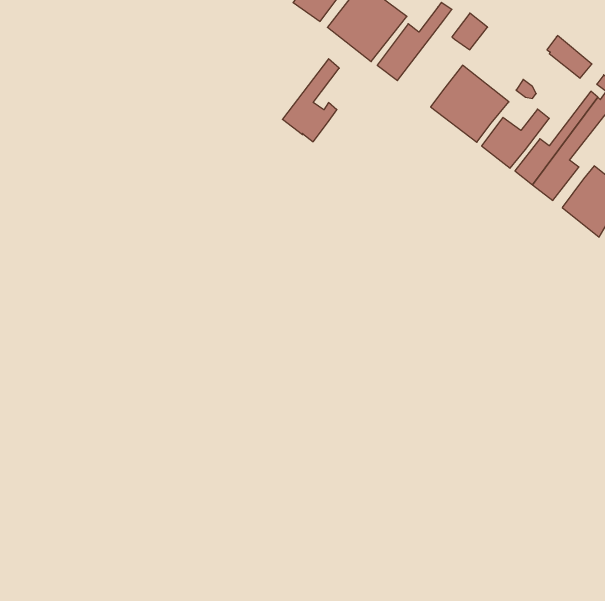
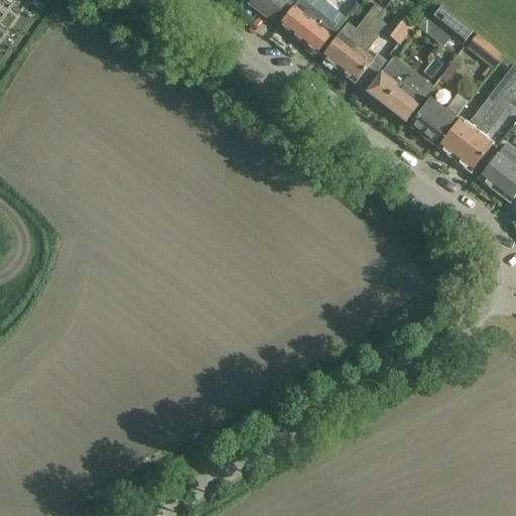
building: none -> [432,8,474,44]
building: [282,59,339,142] -> [339,17,387,88]

